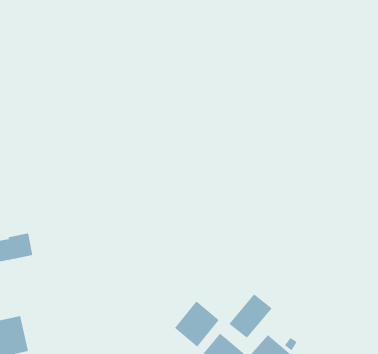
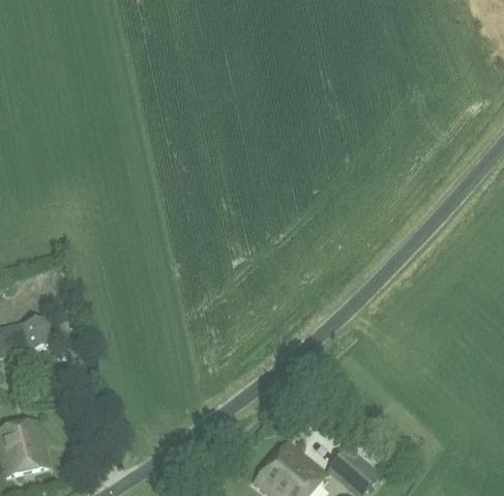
building: [229,294,272,338] -> none
building: [174,301,219,347] -> none

